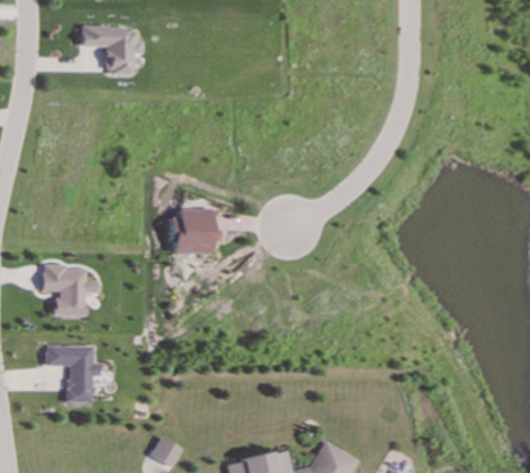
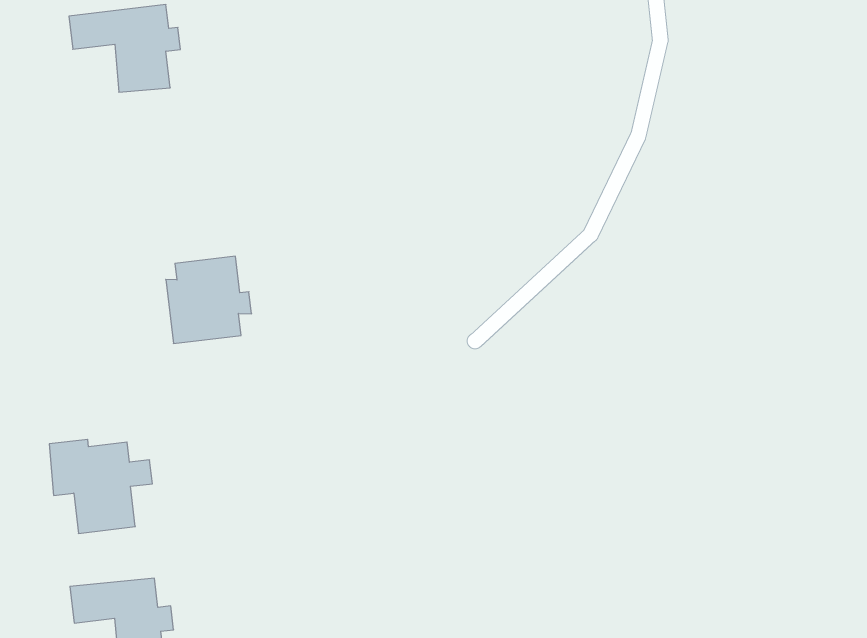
building: [173,208,218,253] -> [166,256,252,343]

